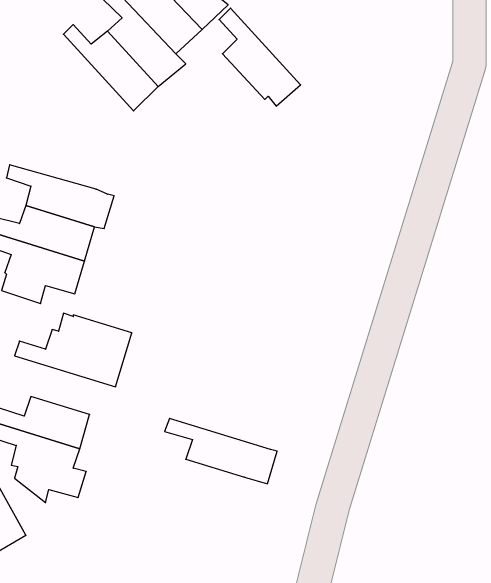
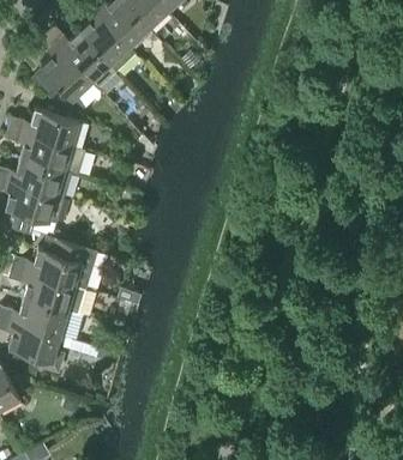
building: [219,8,301,106] -> [40,32,100,104]
building: none -> [8,108,88,150]
building: [165,418,277,484] -> [8,268,91,316]

